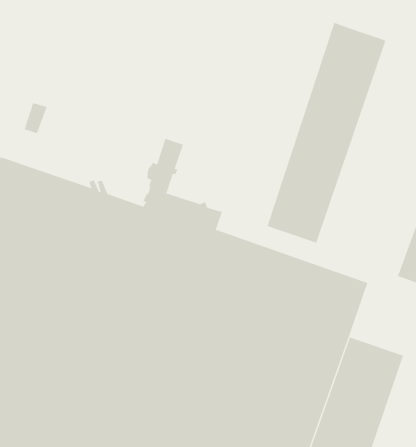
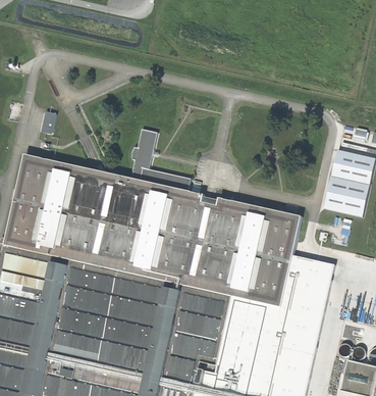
building: [267,22,386,244] -> none

